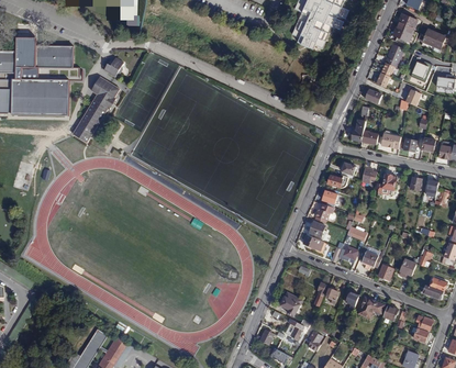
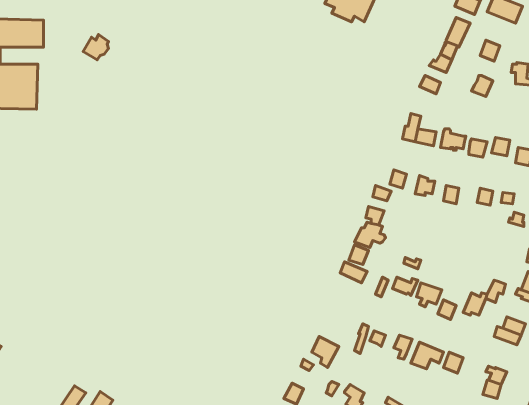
building: [73,77,120,143] -> none

